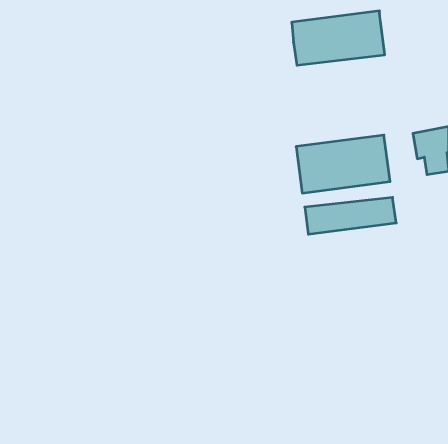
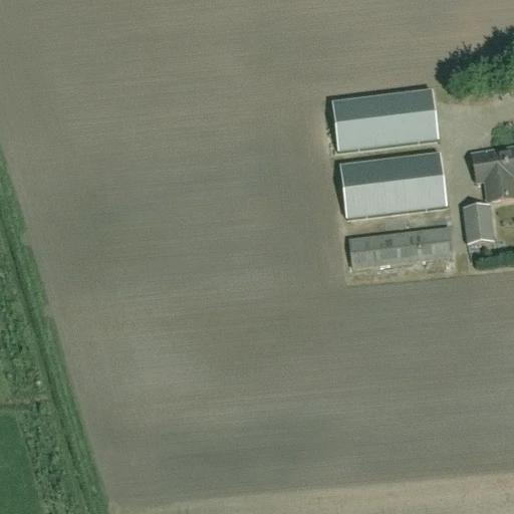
building: [292,11,385,65] -> [332,88,439,151]
building: none -> [463,204,495,244]

